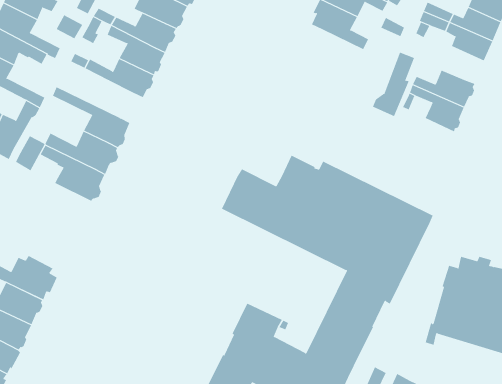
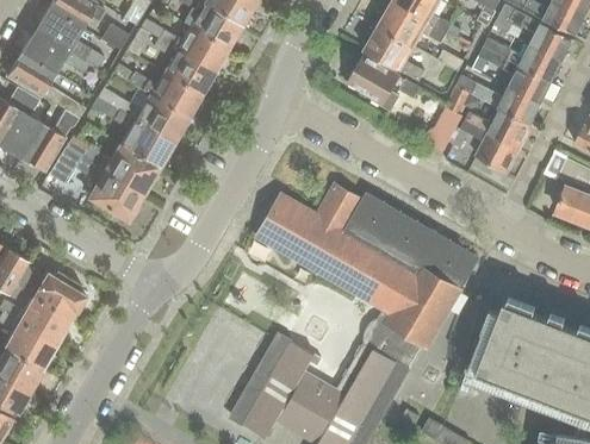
building: none -> [342,55,420,110]
building: none -> [454,75,541,124]
building: none -> [97,88,186,140]

